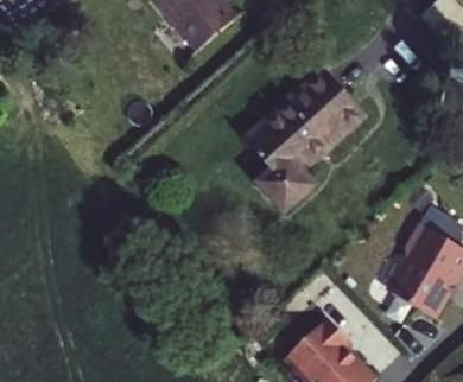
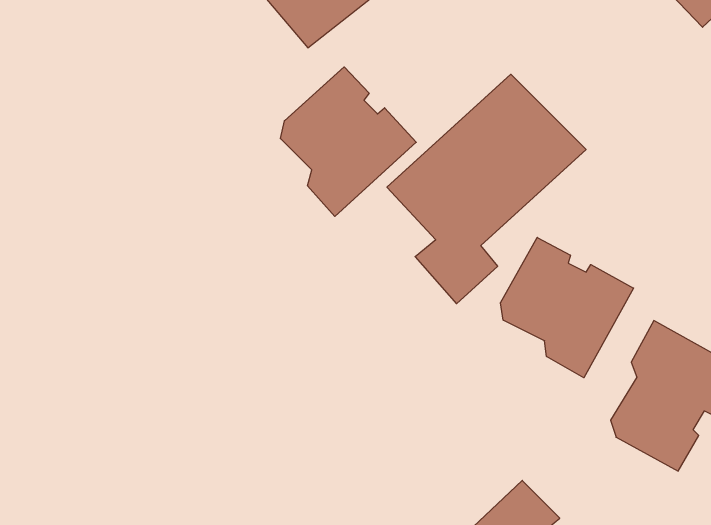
building: none -> [280,67,416,216]
building: none -> [500,237,634,378]

